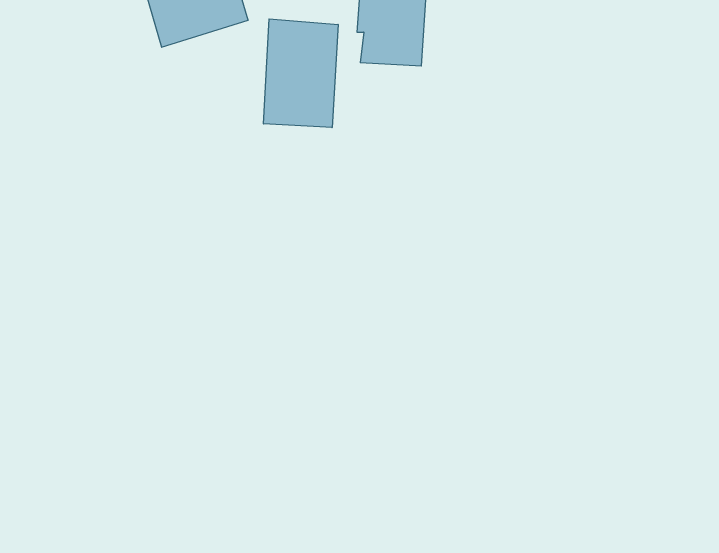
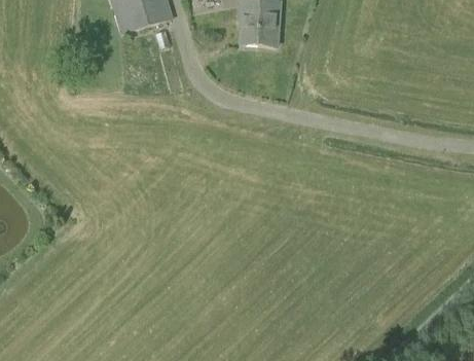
building: [264,19,338,128] -> none

